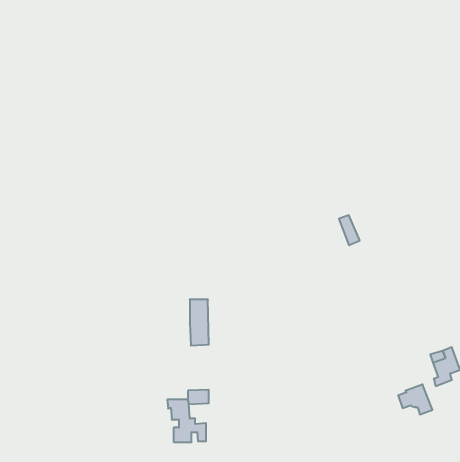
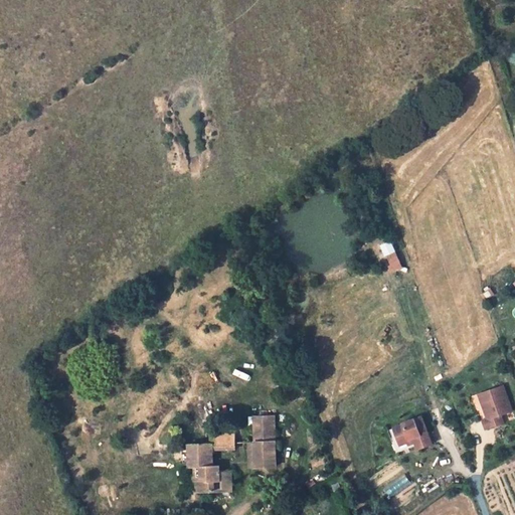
building: [190,299,209,346] -> [252,416,274,468]
building: [398,384,432,414] -> [393,417,432,451]

